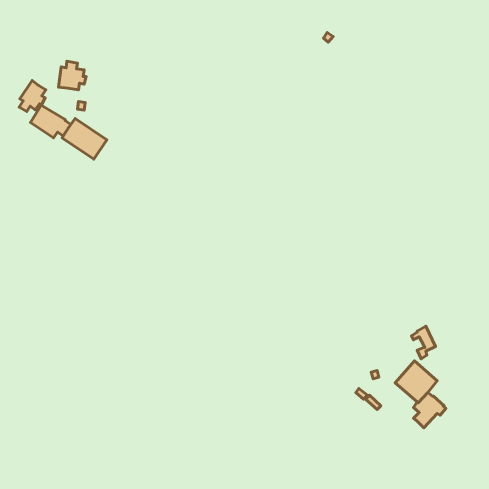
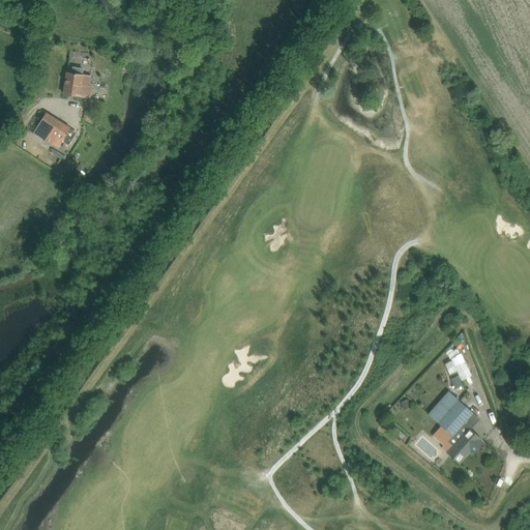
building: [19,81,46,112] -> none
building: [62,119,107,159] -> none

